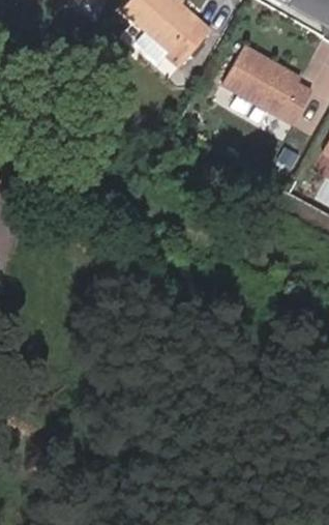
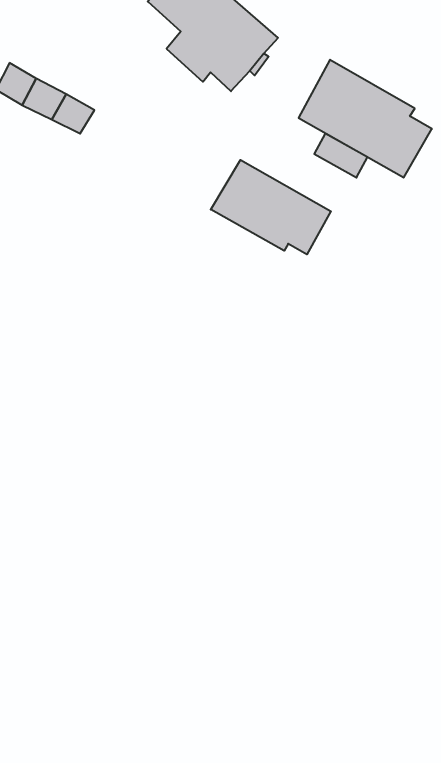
building: none -> [211,160,331,254]

